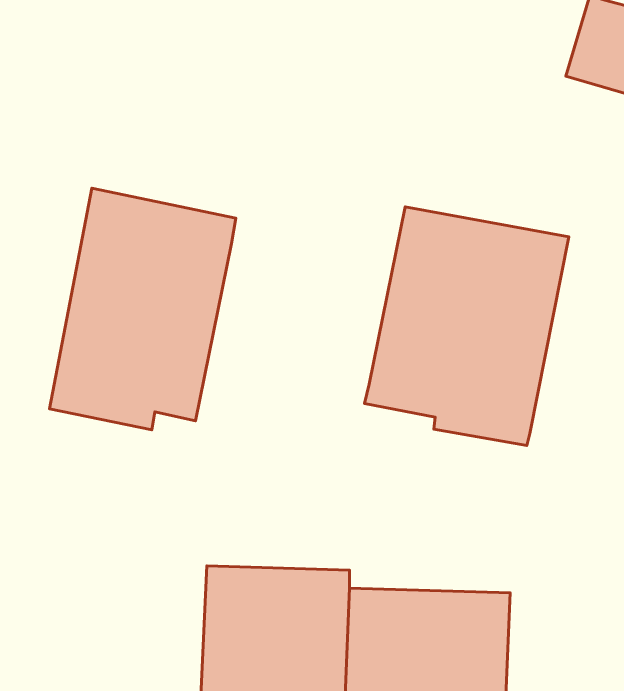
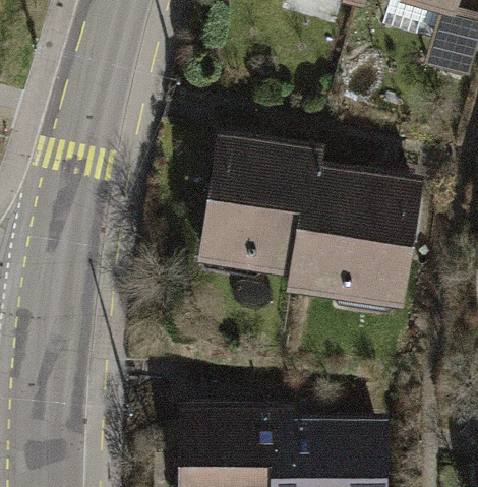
building: [50,188,236,430] -> [194,120,320,284]

